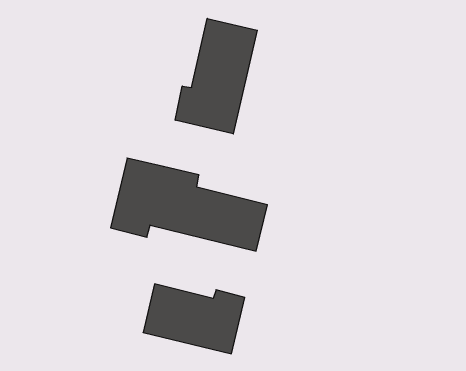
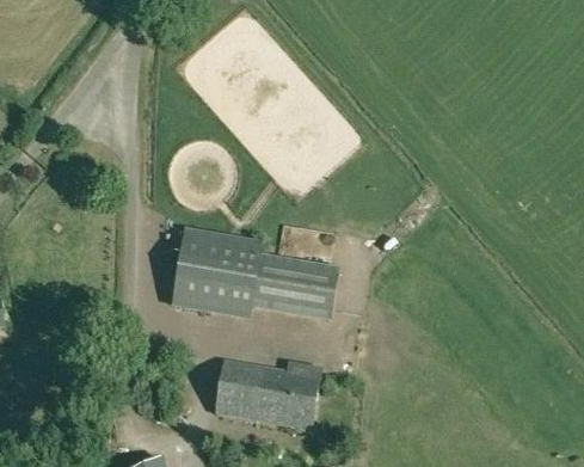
building: [175,18,257,134] -> none

